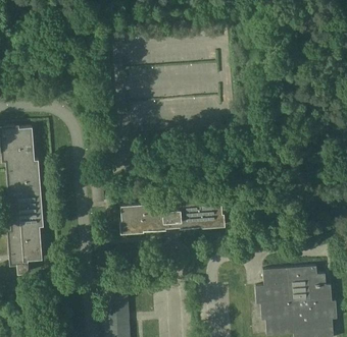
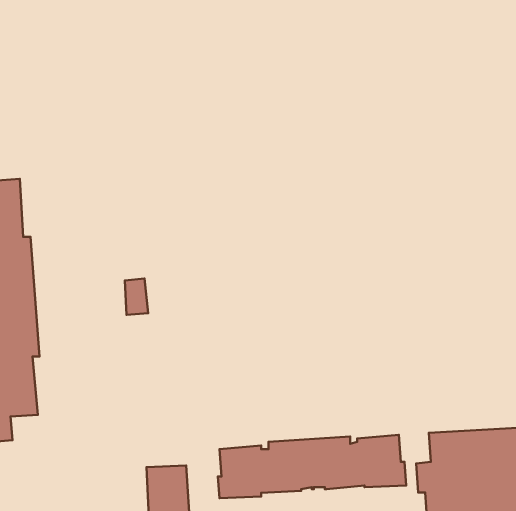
building: [119,200,226,235] -> [218,435,406,498]

